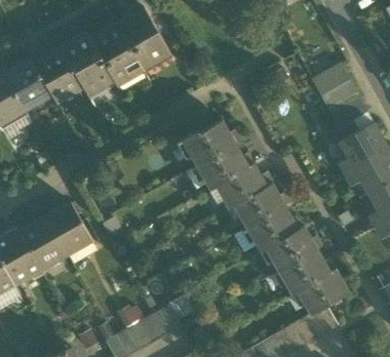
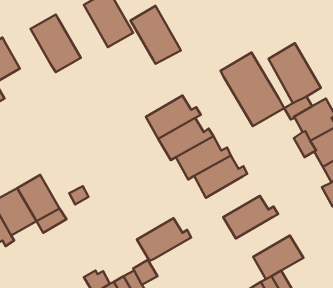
building: [91,24,145,85] -> [130,6,181,64]
building: [35,49,83,103] -> none
building: none -> [220,53,284,126]
building: [247,206,305,251] -> [137,218,191,261]
building: [279,249,337,294] -> none

